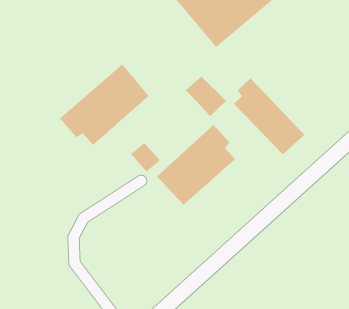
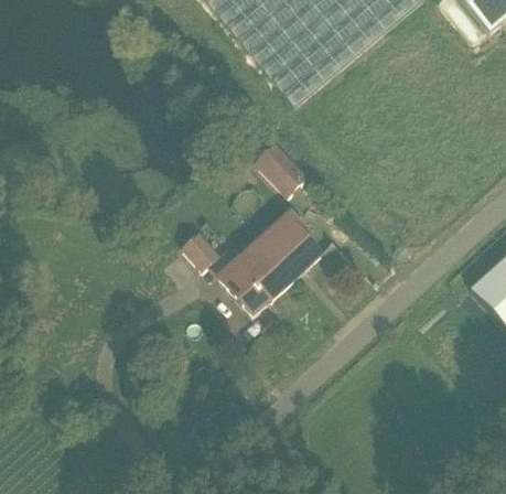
building: [59,64,149,146] -> none
building: [233,77,305,155] -> none

